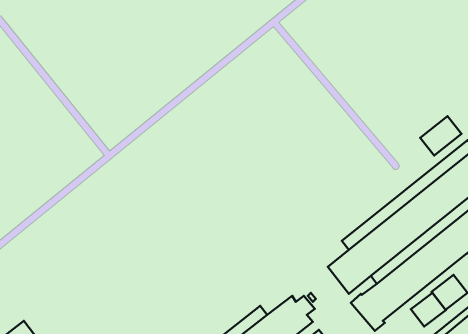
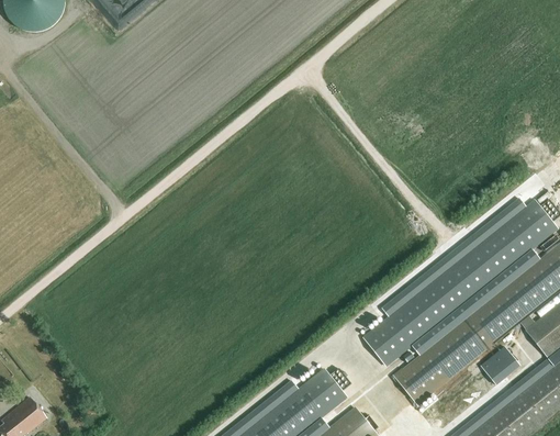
building: [420,116,462,156] -> none
building: [411,293,446,327] -> none

